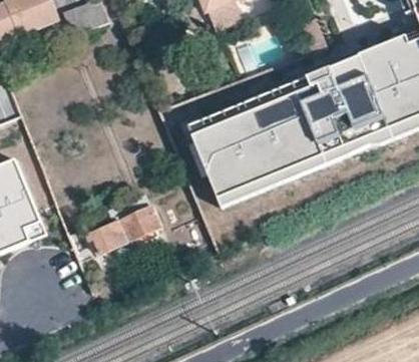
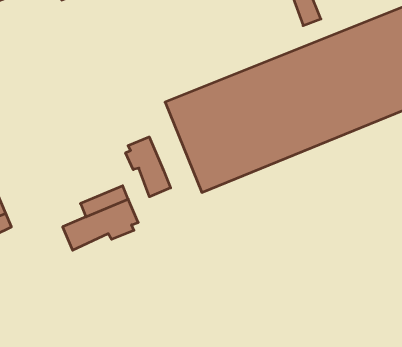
building: none -> [126,137,171,197]

